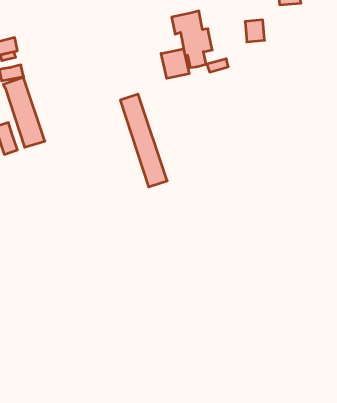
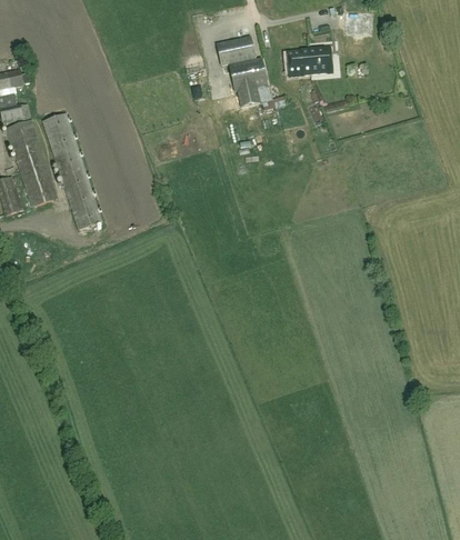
building: none -> [286,48,310,76]
building: [161,49,189,78] -> none
building: [120,94,167,187] -> [42,112,101,229]

